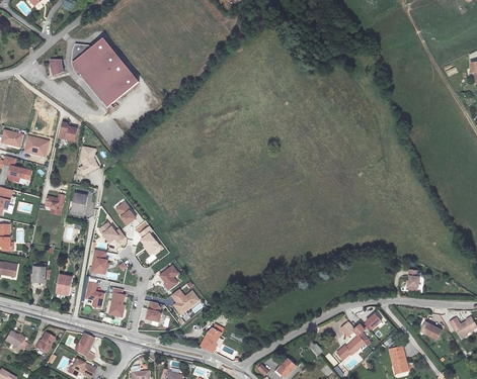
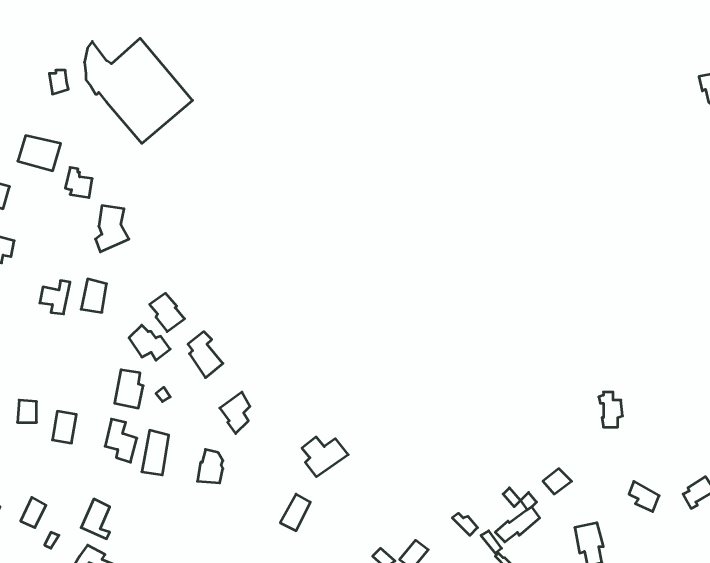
building: [24,134,52,157] -> [18,136,61,171]
building: [171,288,201,313] -> [302,437,348,477]

